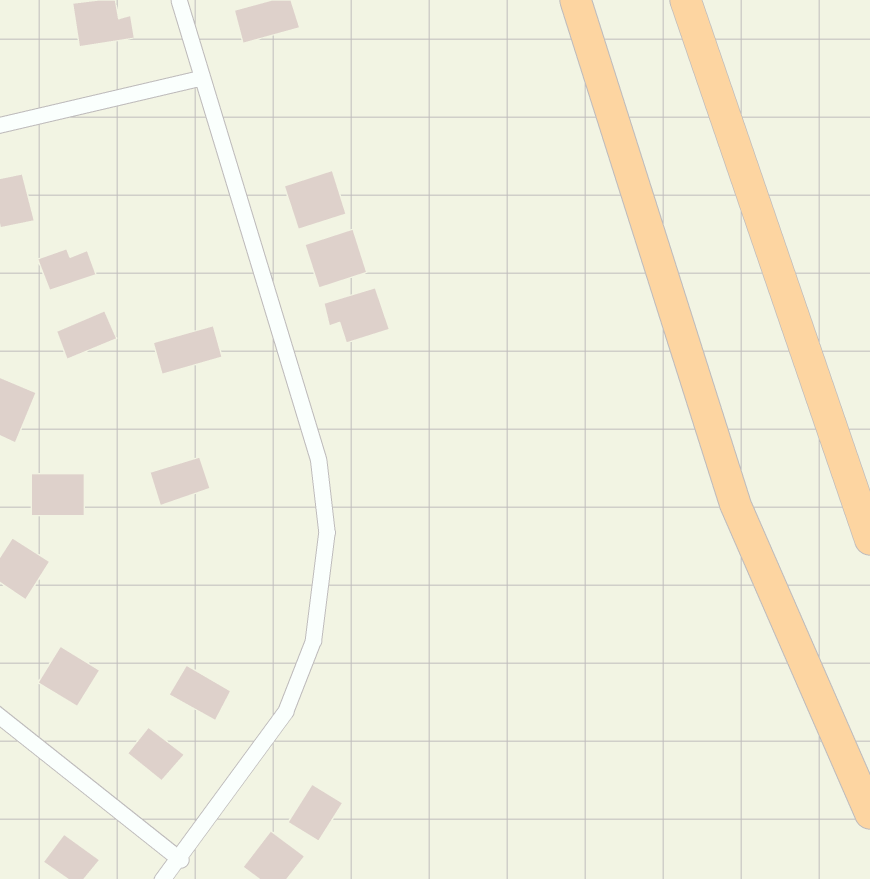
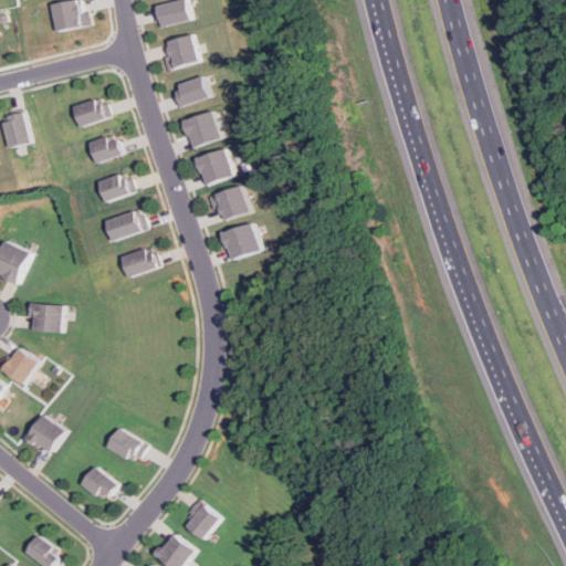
building: none -> [163,34,200,71]
building: none -> [174,76,211,107]
building: none -> [65,96,107,127]
building: [38,249,96,290] -> [82,137,119,164]
building: [56,311,117,359] -> [93,171,132,202]
building: none -> [220,222,260,260]
building: [150,457,210,505] -> [115,248,154,279]

